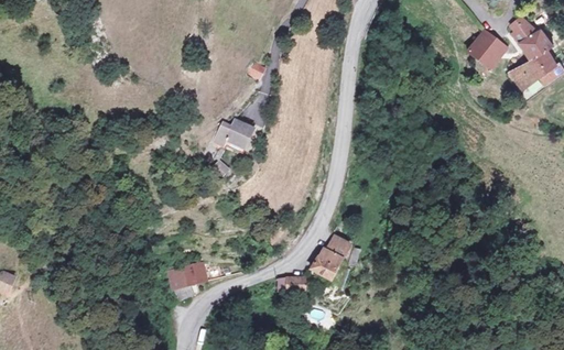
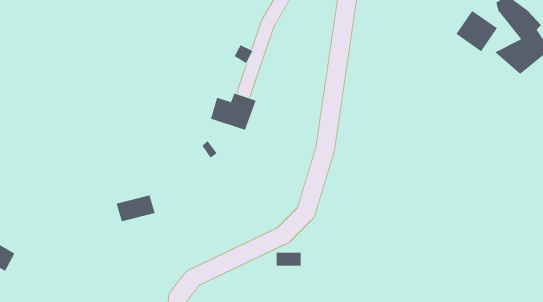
building: [312,231,352,281] -> none
building: [162,263,203,291] -> [116,195,156,222]

